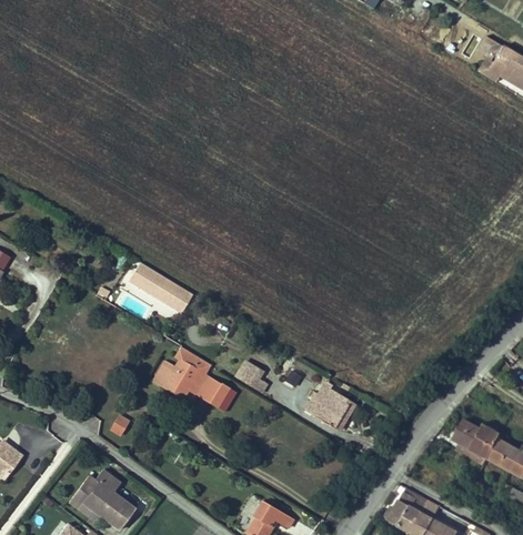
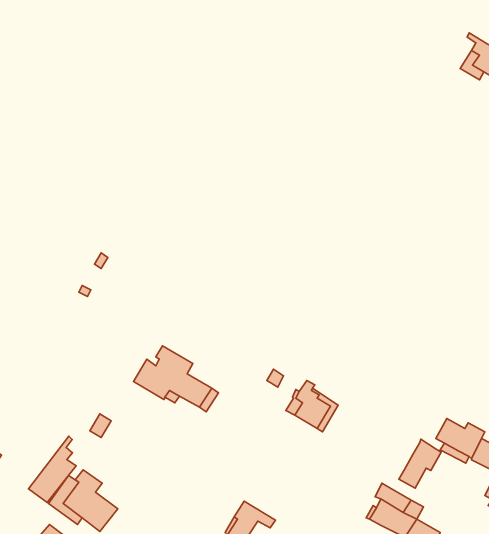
building: [129,262,192,313] -> none
building: [235,361,268,394] -> none
building: none -> [29,436,76,503]
building: none -> [399,439,441,488]

